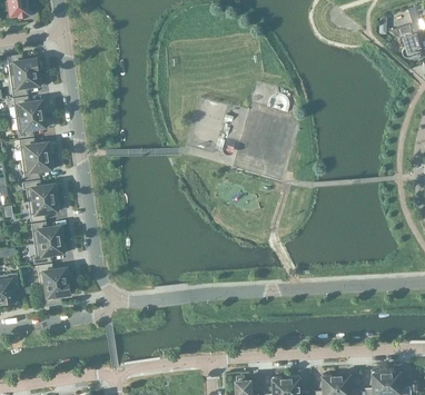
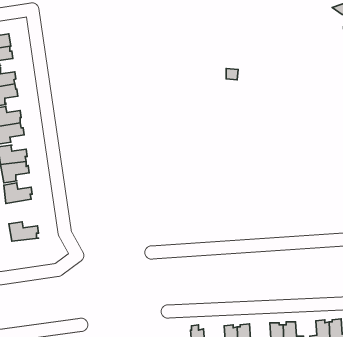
building: [33,239,66,264] -> none
building: [40,282,70,306] -> none

